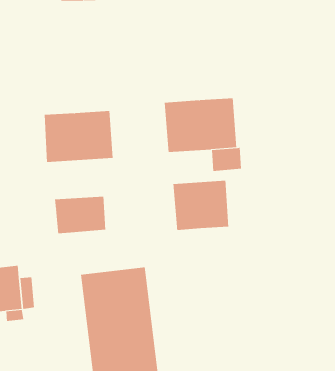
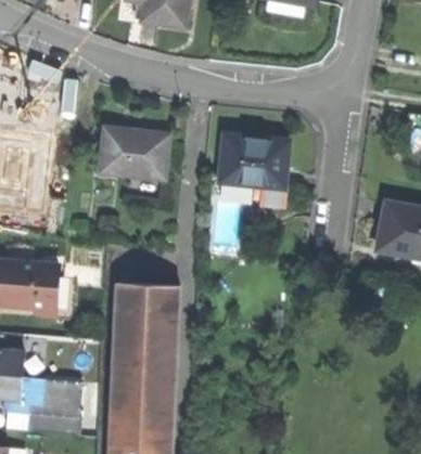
building: [173,180,229,231] -> none
building: [55,196,106,234] -> none

